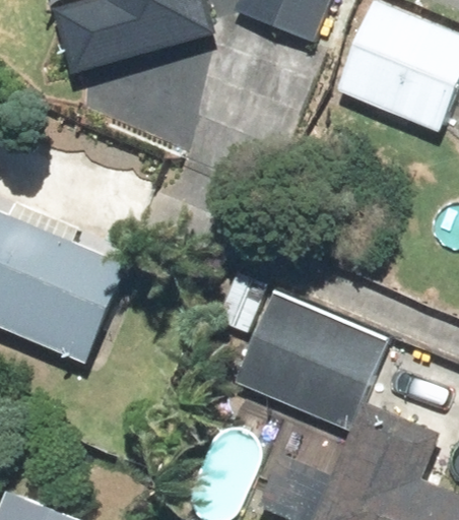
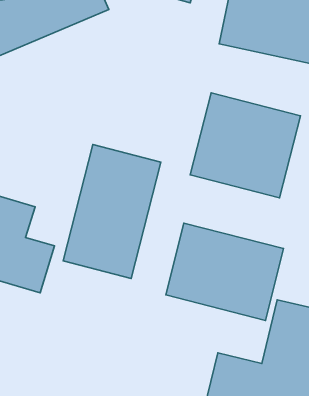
building: none -> [190,93,301,198]
building: none -> [63,145,161,279]

